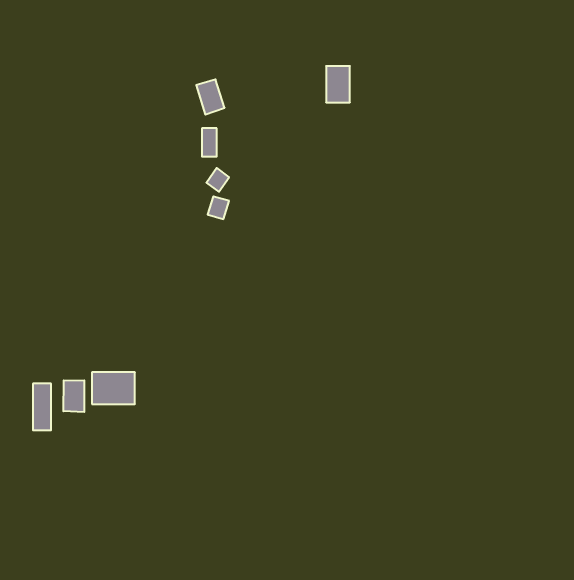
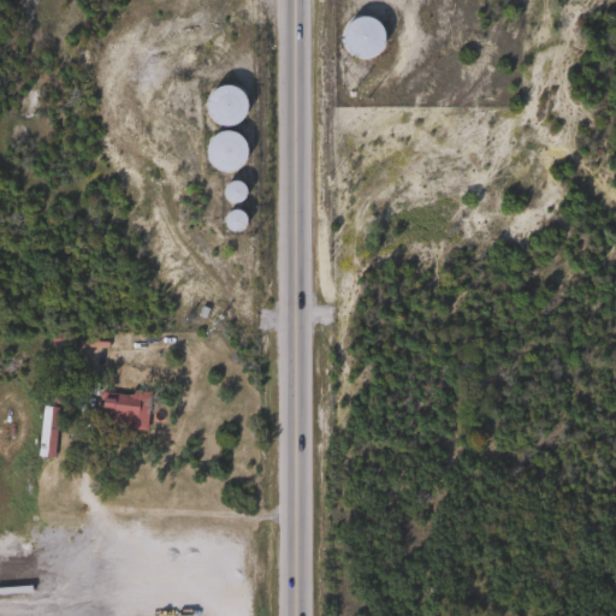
building: [326,66,350,102] -> [354,18,379,57]
building: [63,380,84,412] -> none

